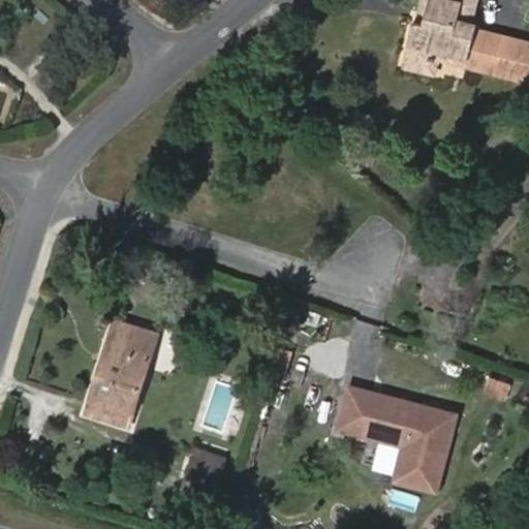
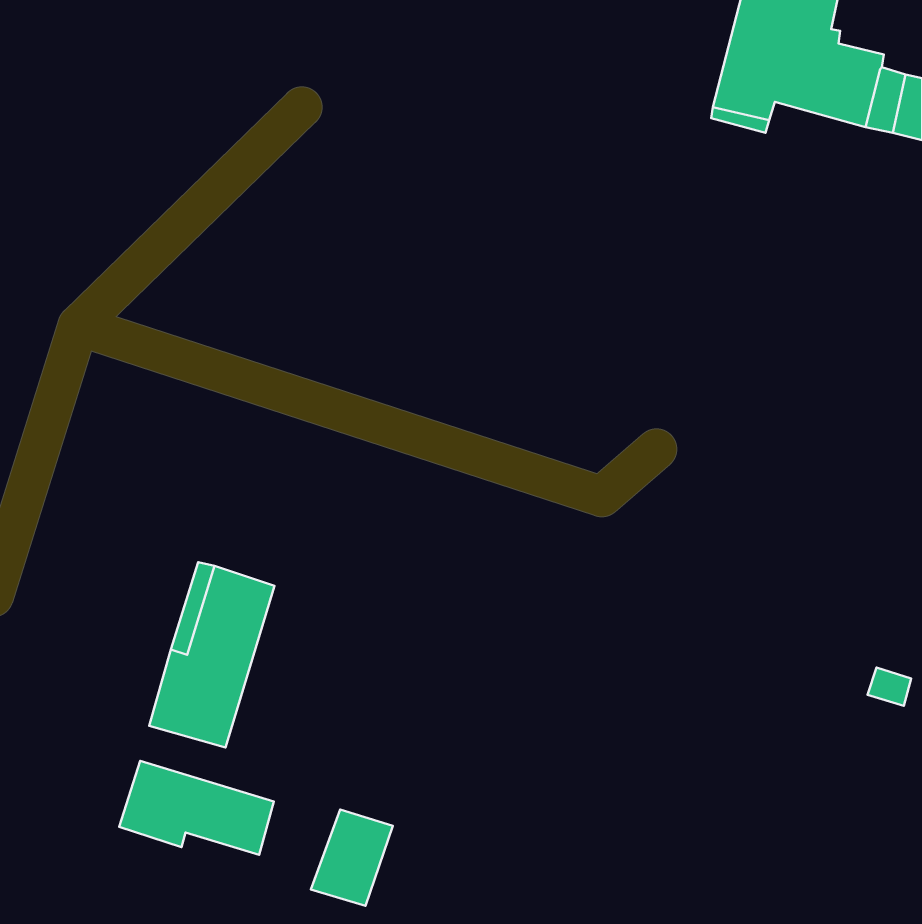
building: [339,385,454,489] -> none
building: none -> [119,761,274,855]

